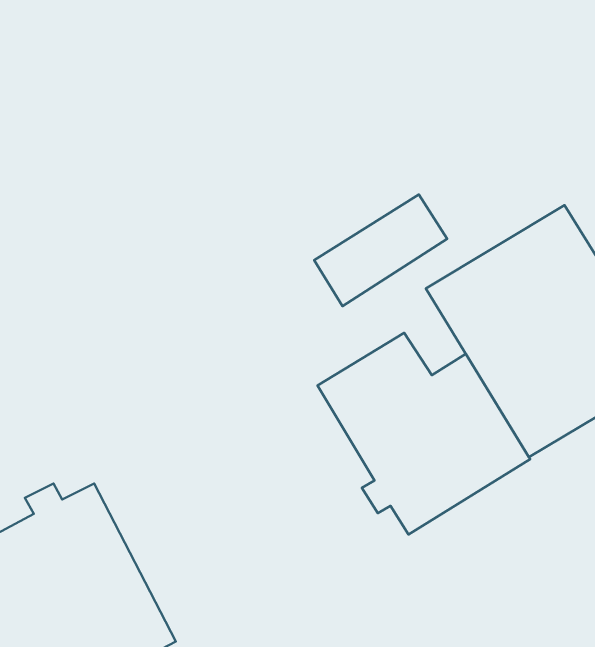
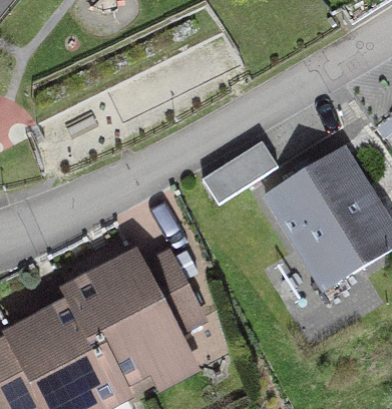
building: [318,333,530,534] -> none
building: none -> [70,256,202,383]

